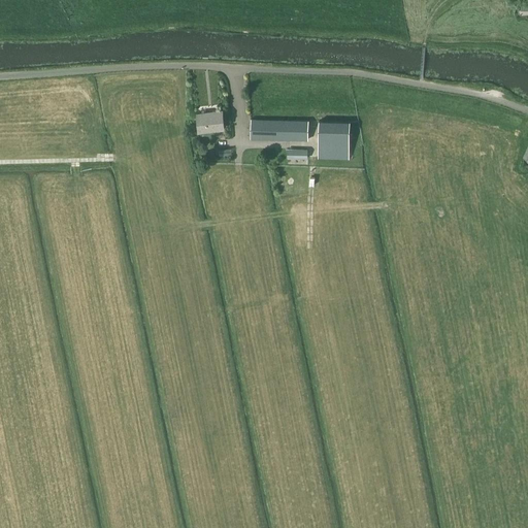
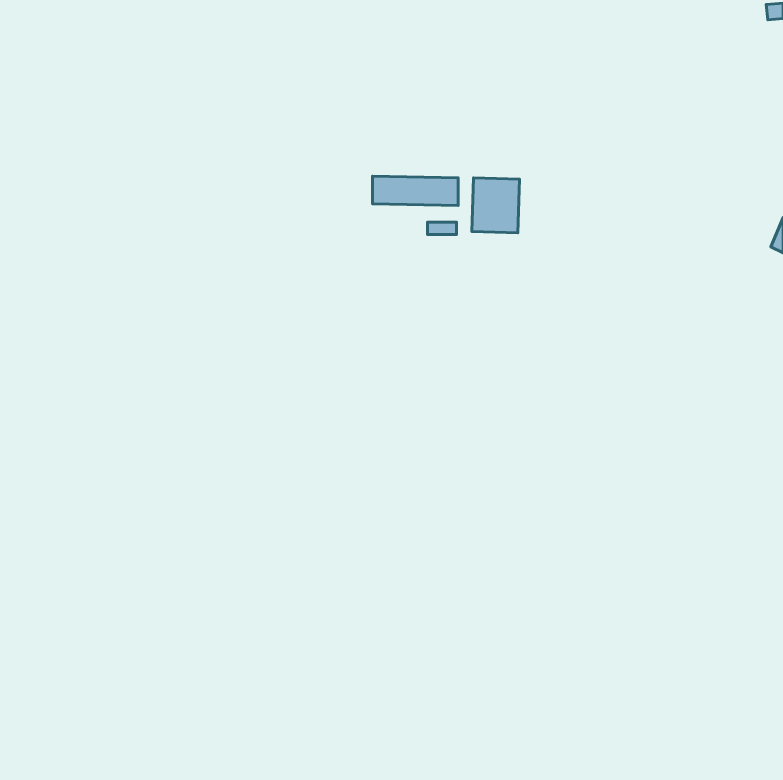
building: [197,111,224,132] -> none

